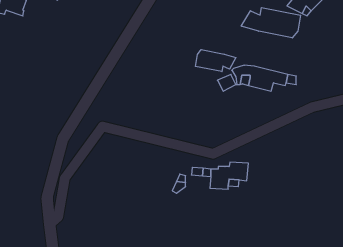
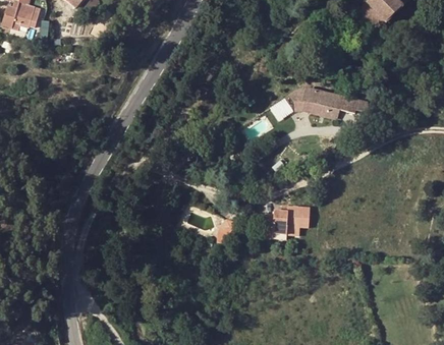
building: [241,8,301,38] -> none
building: [195,50,236,72] -> none

